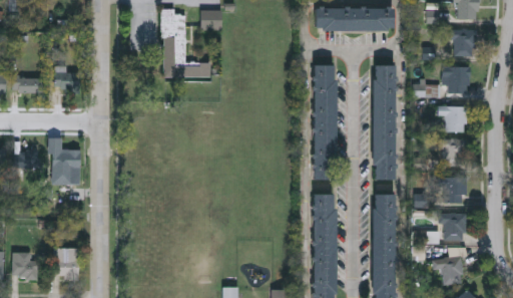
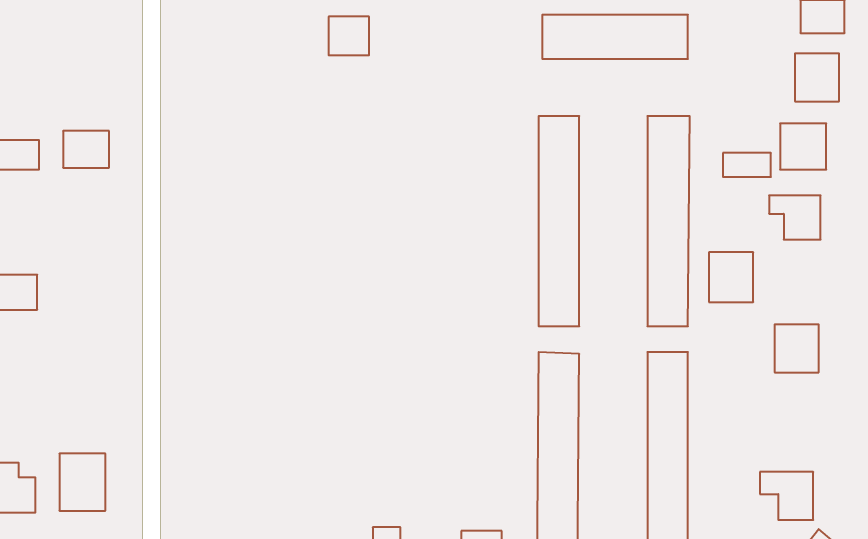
building: [162,9,210,78] -> none
building: [50,138,80,185] -> none
building: [442,139,466,167] -> [709,252,753,302]
building: [442,214,467,241] -> none

